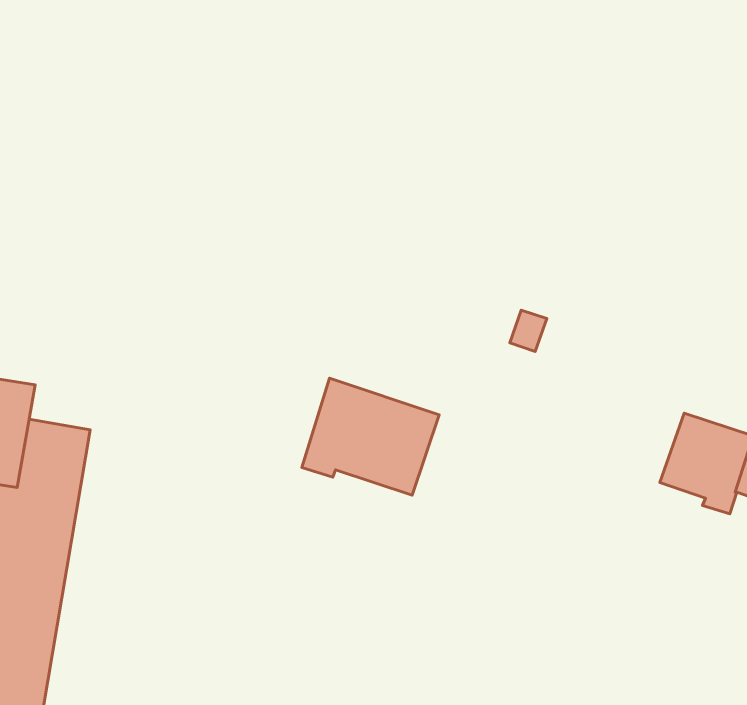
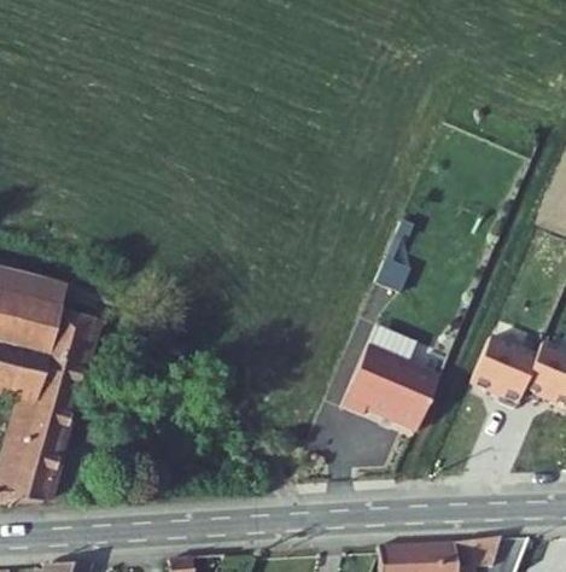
building: [302,378,439,495] -> [346,342,443,426]

